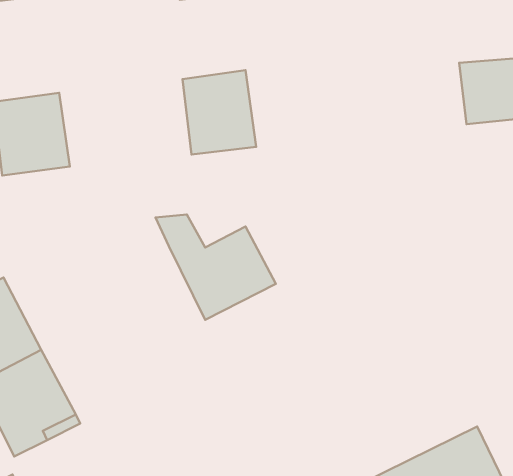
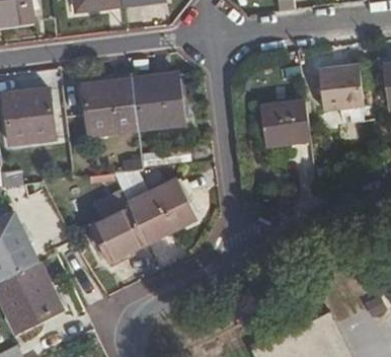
building: none -> [81,79,138,136]
building: none -> [263,101,309,143]
building: none -> [87,192,147,263]

